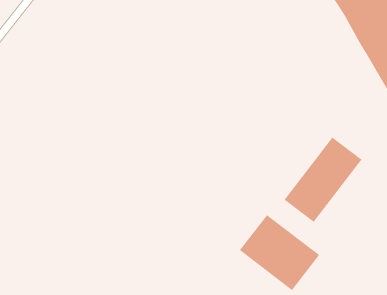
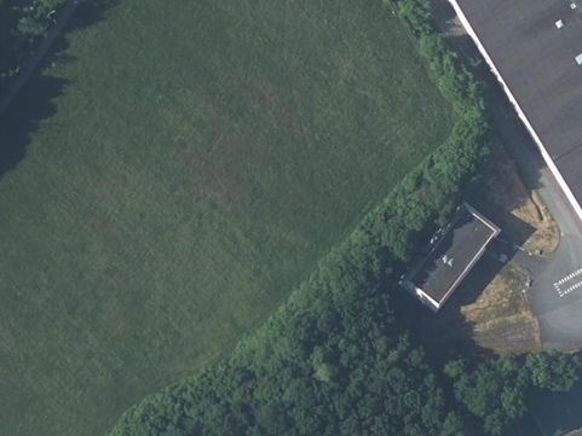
building: [239,214,320,291] -> none

